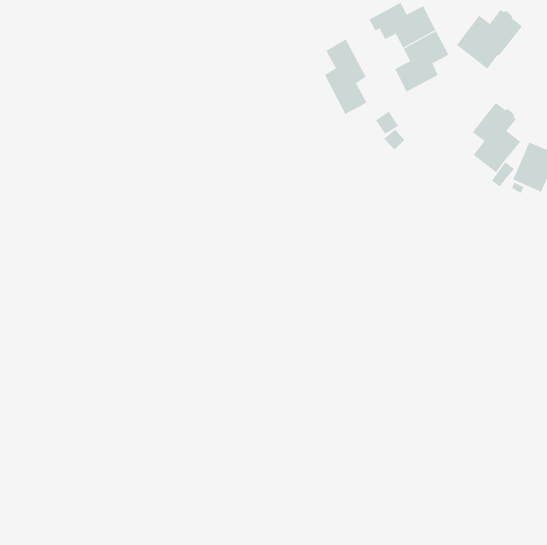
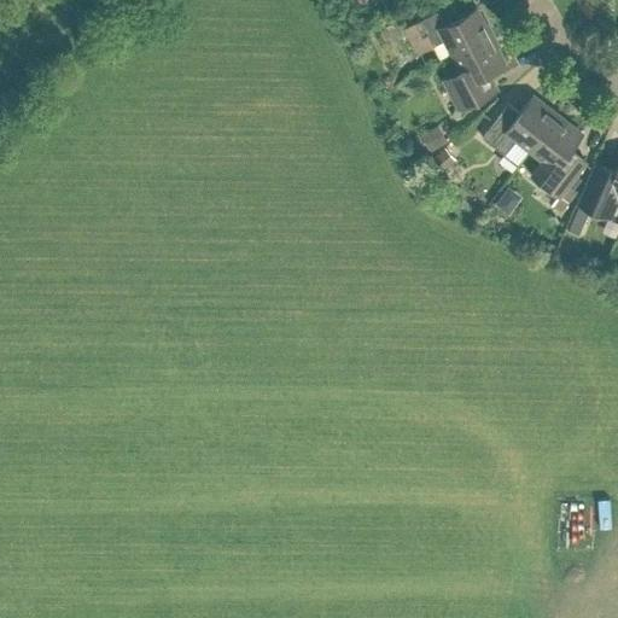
building: [456,9,523,70] -> [484,100,559,168]
building: [324,39,367,115] -> none

